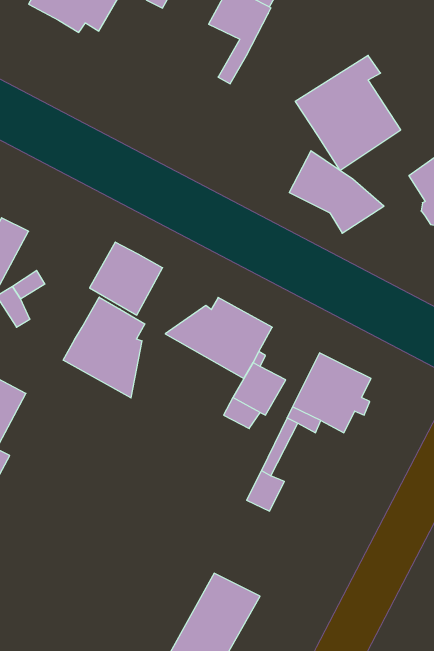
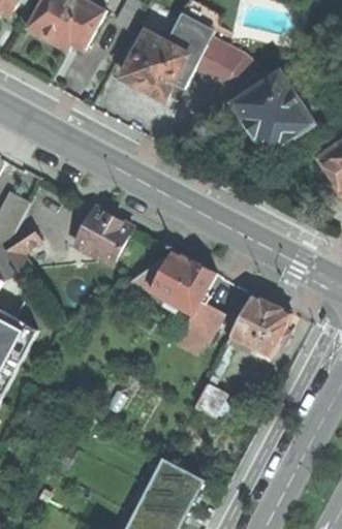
building: none -> [121,31,189,99]
building: [289,151,384,233] -> [194,34,267,97]
building: [63,297,145,398] -> none

